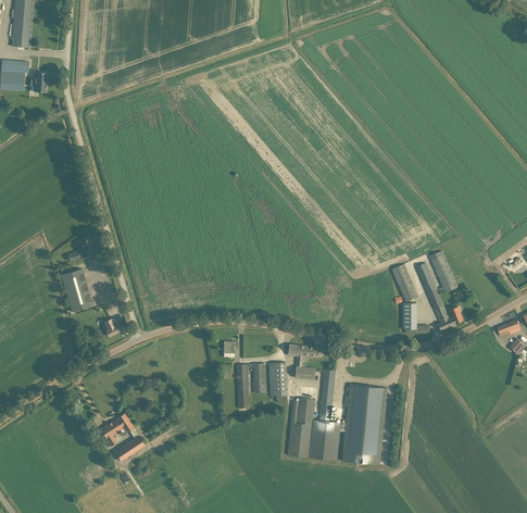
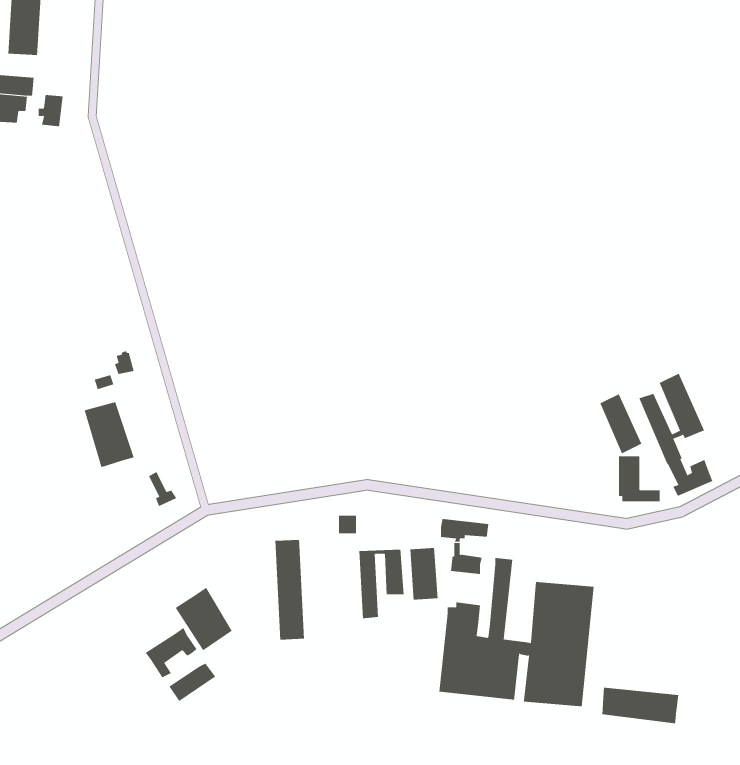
building: none -> [275,539,304,640]
building: none -> [175,587,232,651]
building: none -> [602,687,679,724]

